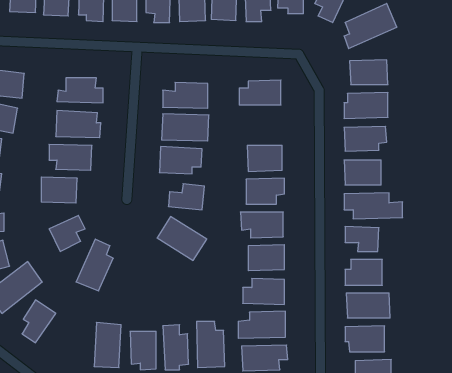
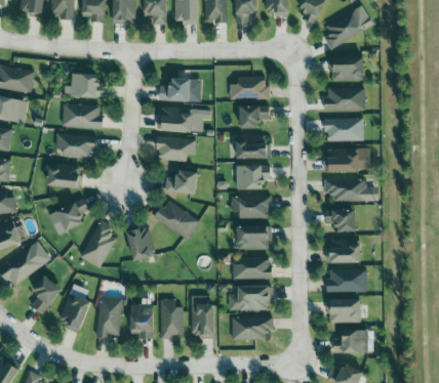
building: none -> [239,105,269,128]
building: none -> [126,226,154,260]
building: none -> [57,284,90,331]

